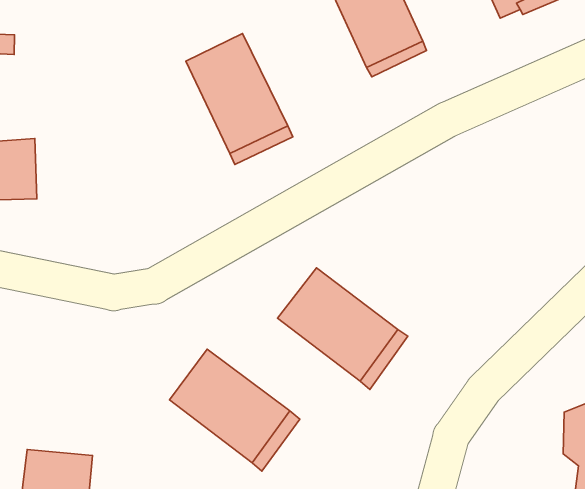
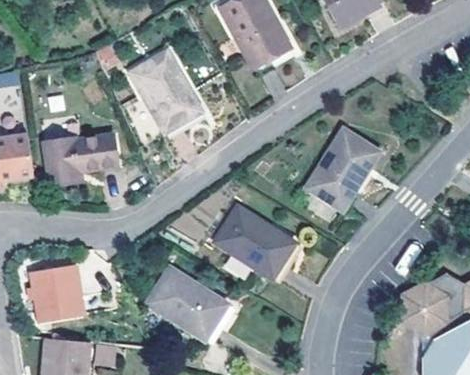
building: none -> [52,136,126,191]
building: none -> [302,128,376,210]
building: none -> [36,268,84,323]

